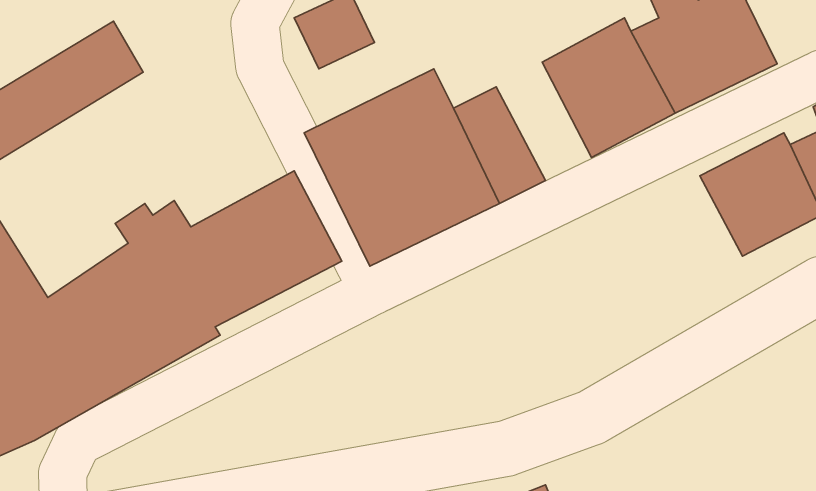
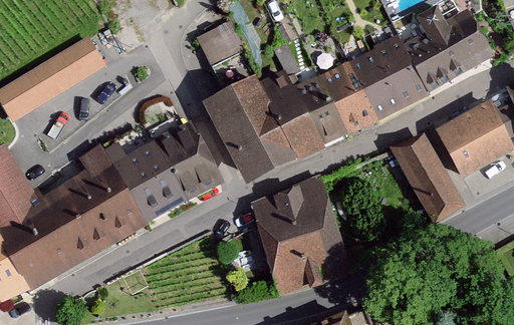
building: none -> [316,59,374,131]
building: none -> [398,132,463,217]
building: none -> [247,176,343,290]

